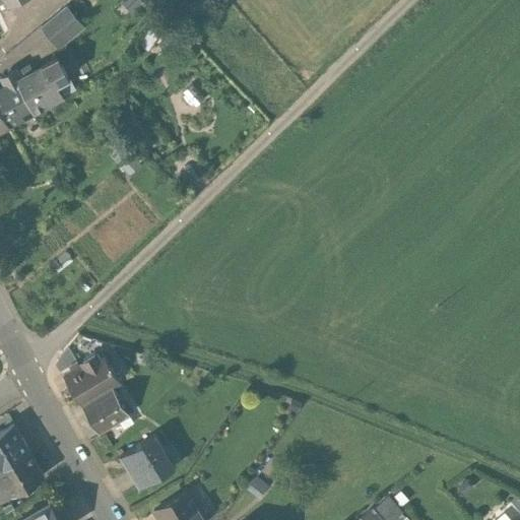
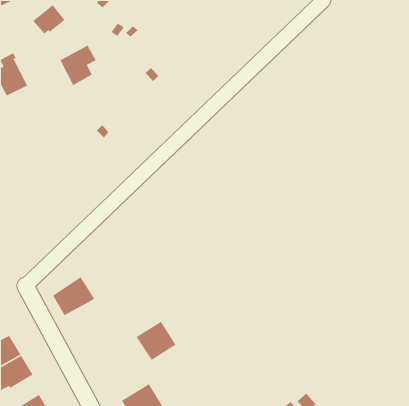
building: [18,60,66,113] -> [59,44,97,86]
building: [81,388,129,435] -> none
building: [121,439,173,490] -> [136,321,176,361]

